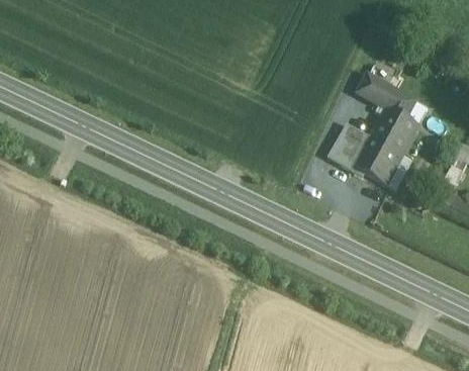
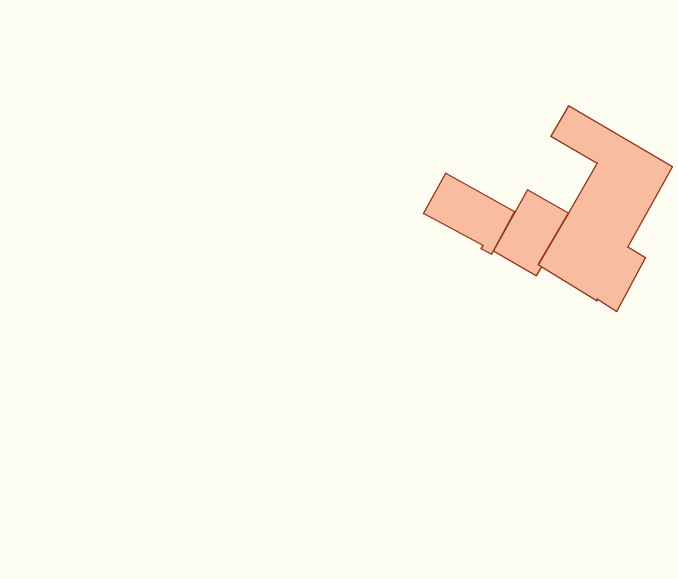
building: none -> [423,173,514,254]

